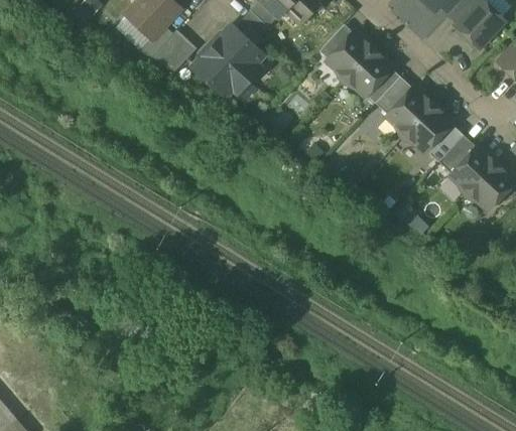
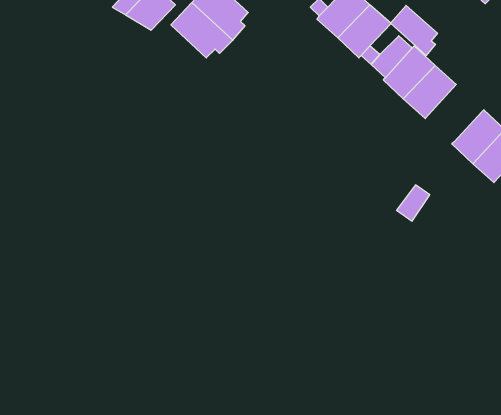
building: none -> [391,5,437,55]
building: [437,135,475,173] -> none

